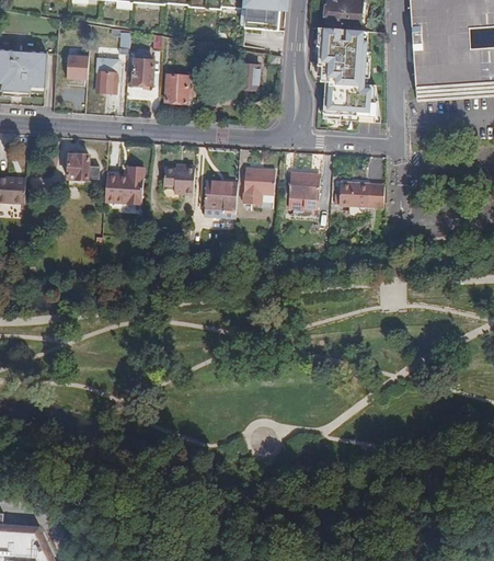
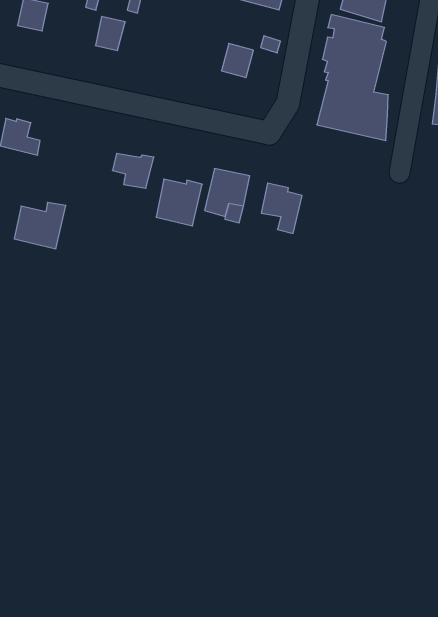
building: [95,57,119,93] -> none
building: [164,73,191,103] -> none
building: [106,168,143,204] -> [14,202,66,249]
building: [340,181,386,206] -> none

